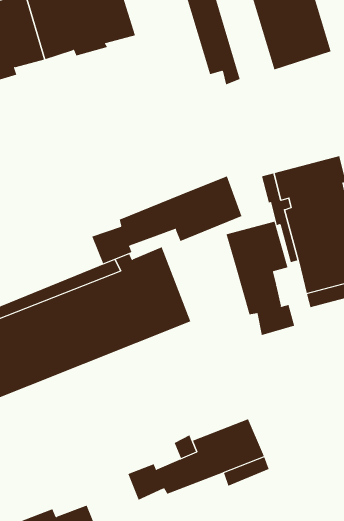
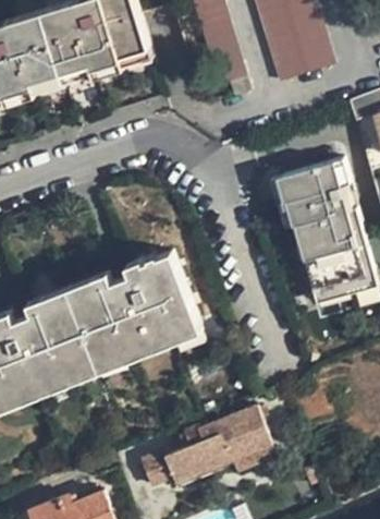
building: [92,175,242,264] -> none
building: [226,221,295,336] -> none

